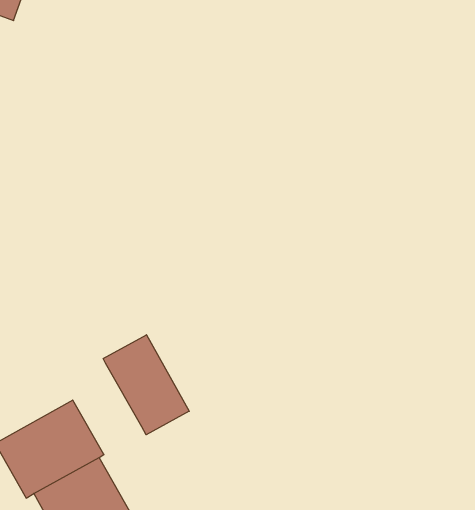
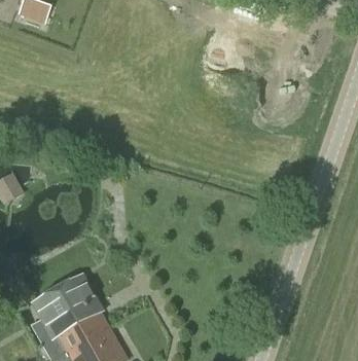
building: [103,335,189,435] -> none

